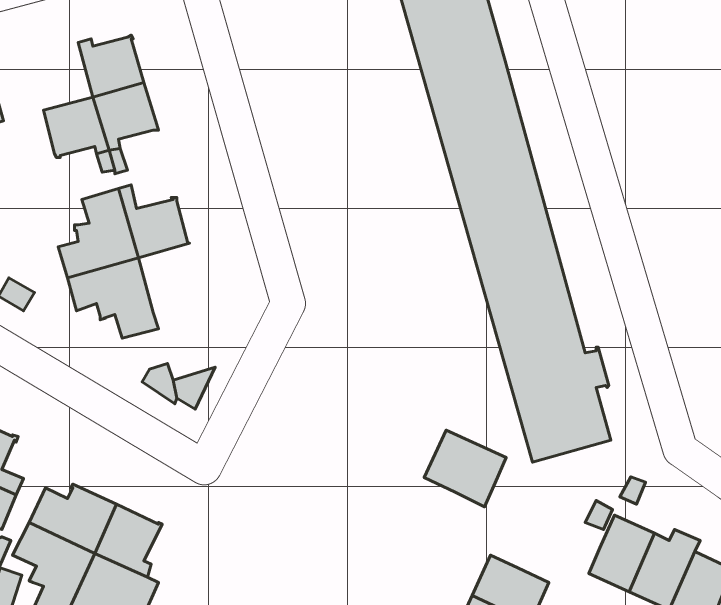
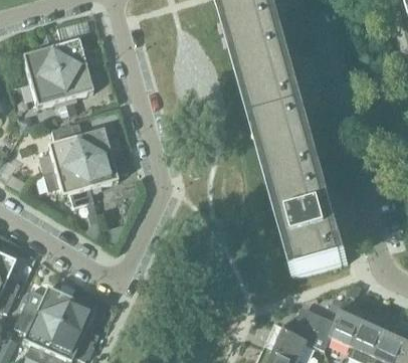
building: none -> [22,45,57,82]
building: none -> [82,152,128,194]
building: [424,430,506,507] -> [291,309,337,351]

